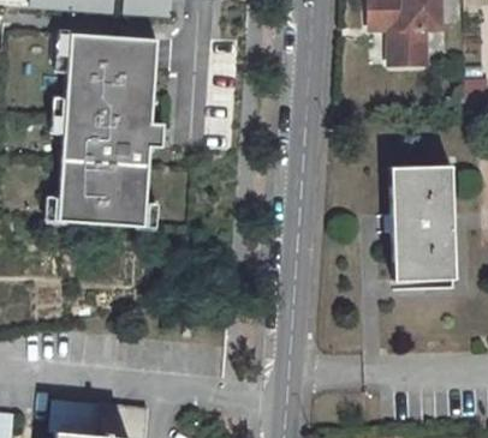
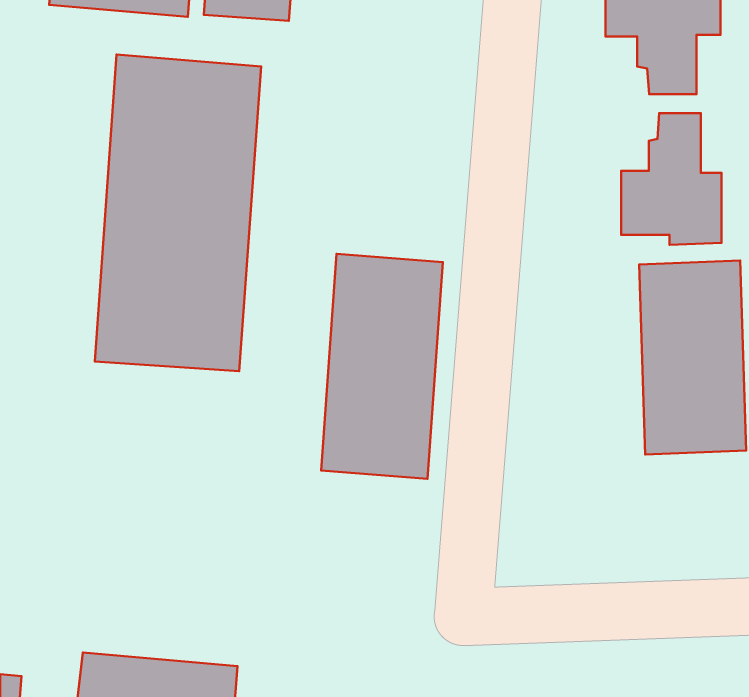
building: none -> [621,113,721,245]
building: none -> [321,254,443,479]

